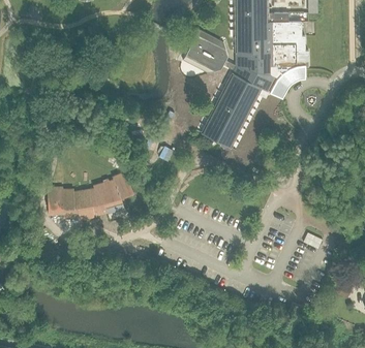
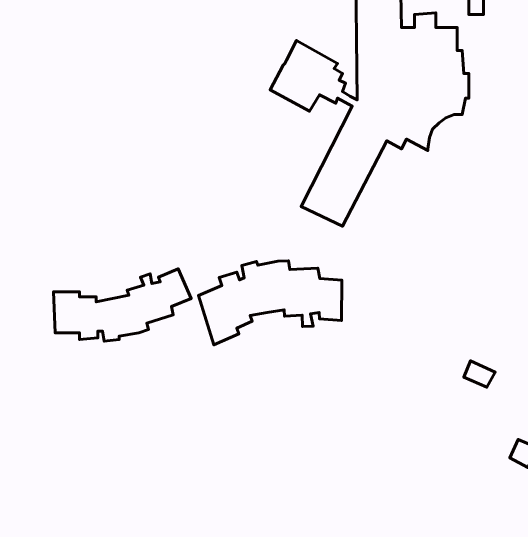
building: none -> [199,261,342,345]

